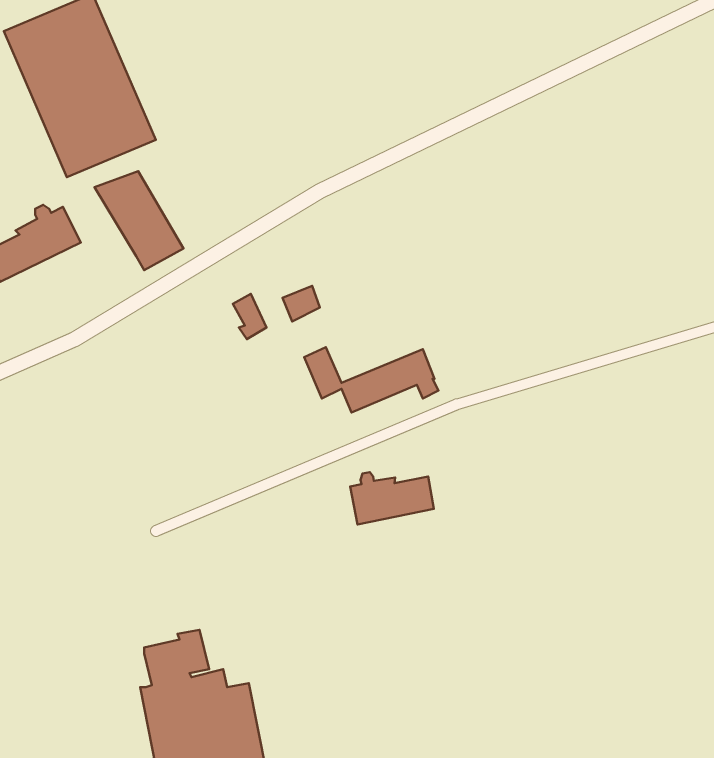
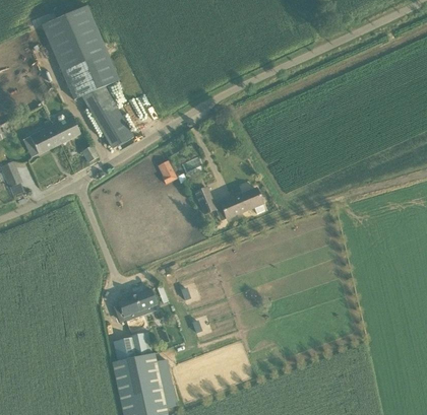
building: [350,472,434,524] -> none
building: none -> [119,288,157,321]

